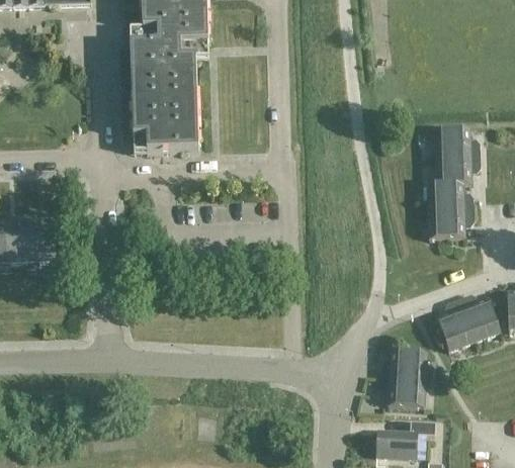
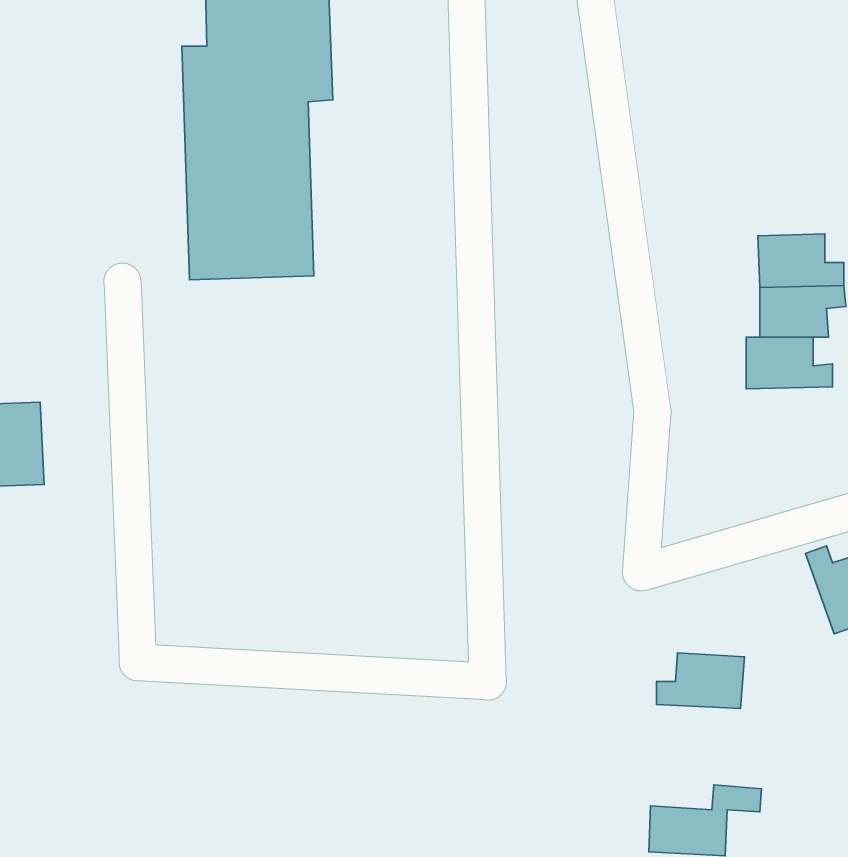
building: [427,209,473,239] -> none
building: [435,297,474,350] -> none
building: [378,377,424,406] -> none

